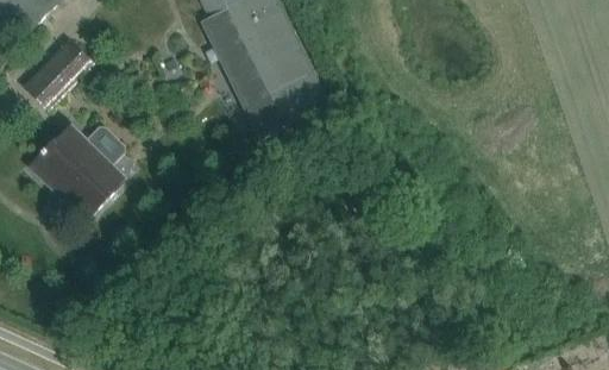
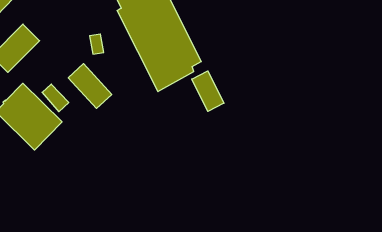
building: none -> [68,64,112,108]
building: none -> [192,71,224,111]

